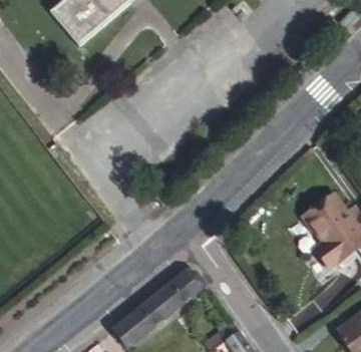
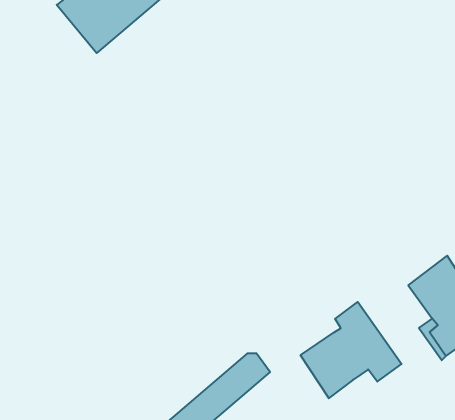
building: none -> [301,302,402,398]

